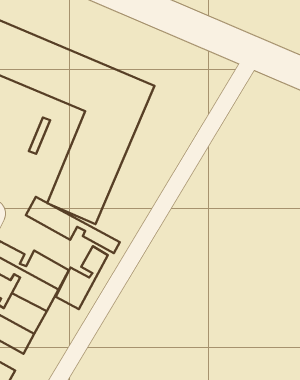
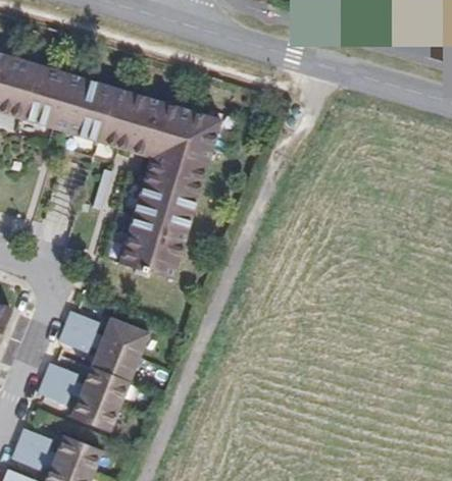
building: [26,197,120,253] -> none
building: [56,246,108,309] -> none

